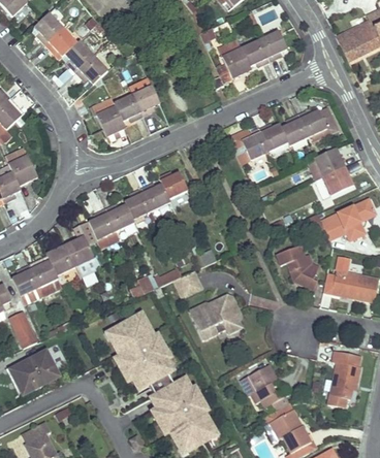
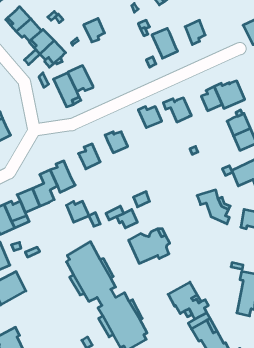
building: [242,38,271,66] -> none
building: [133,85,160,114] -> [84,18,105,42]
building: [259,125,289,152] -> [138,107,162,128]
building: [142,184,170,210] -> none
building: [106,204,135,231] -> [66,201,89,222]

